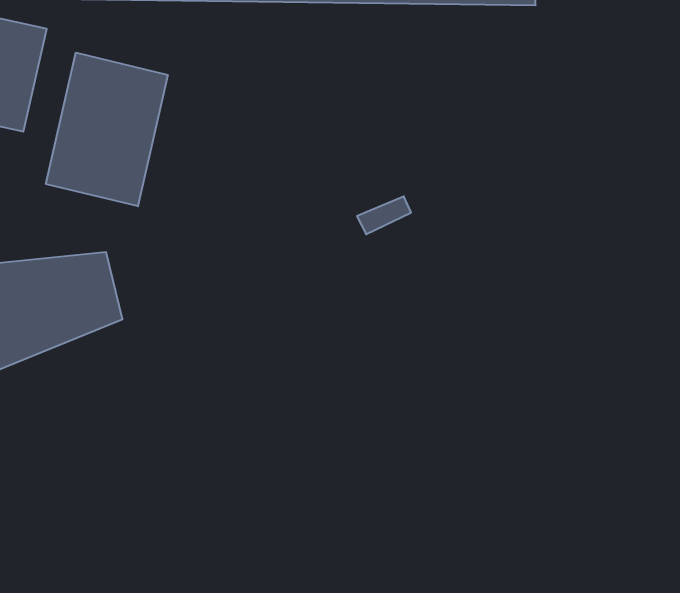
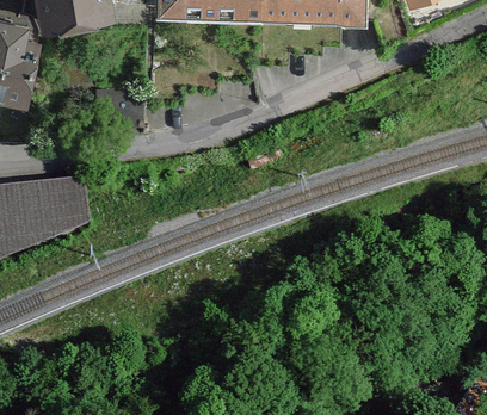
building: [46,53,168,206] -> none

